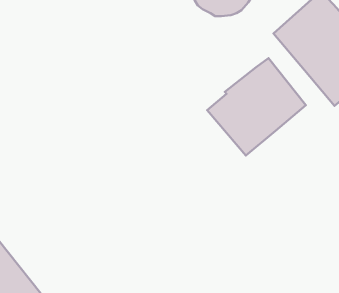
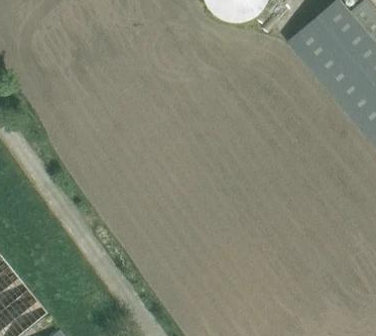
building: [207,58,306,156] -> none

